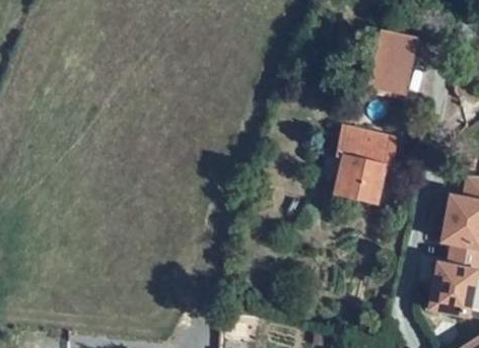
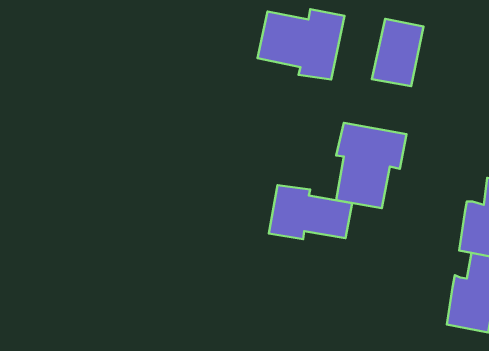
building: none -> [258,9,344,80]
building: none -> [269,185,352,239]

